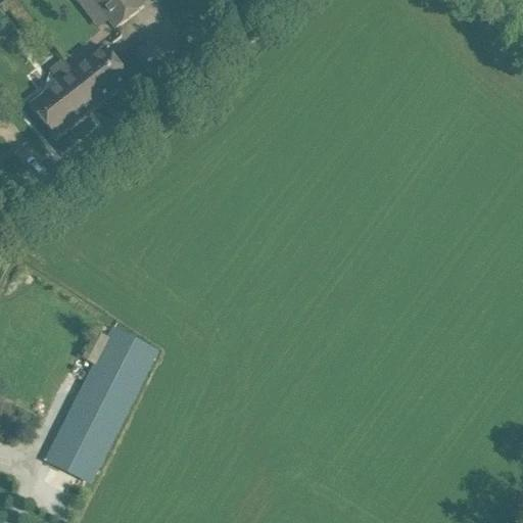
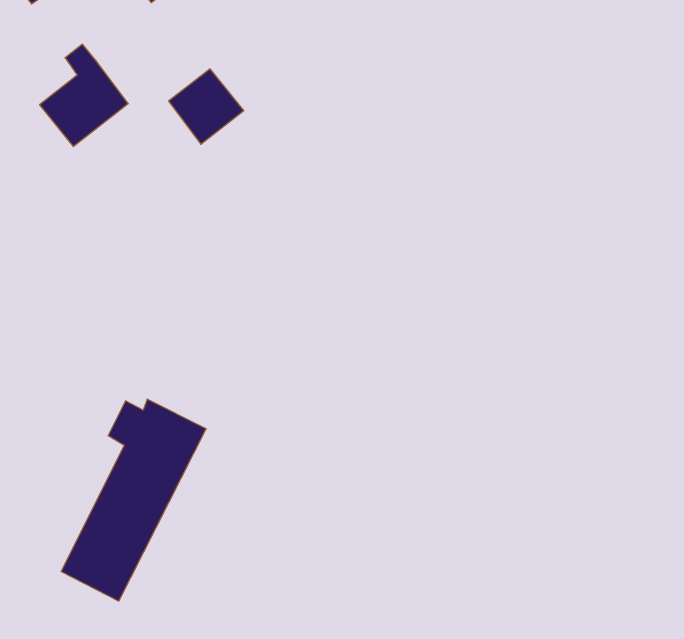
building: [74,46,131,103] -> [169,69,244,144]

